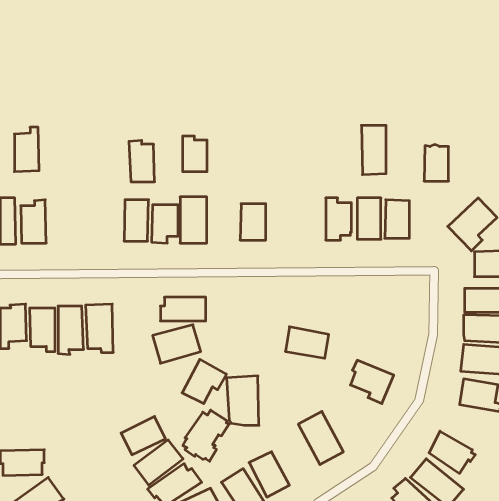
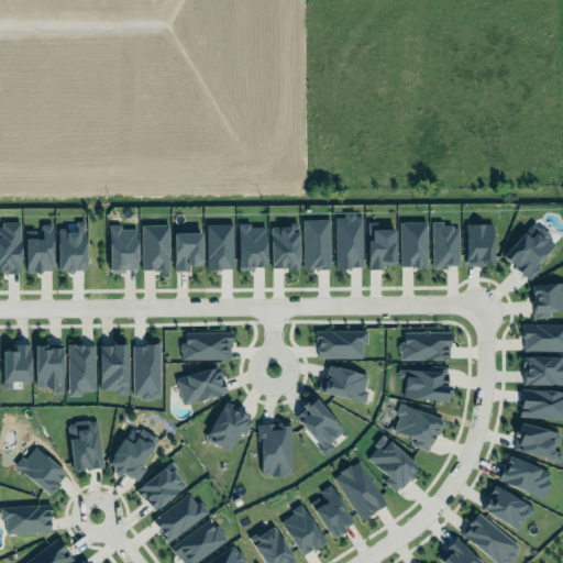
building: [361,125,386,175] -> [338,216,365,271]
building: [14,127,39,172] -> [60,224,88,274]
building: [183,136,207,172] -> [240,225,267,265]
building: [129,140,155,182] -> [110,224,139,271]
building: [424,145,449,181] -> [467,223,495,264]
building: none -> [305,220,331,272]
building: none -> [317,330,369,358]
building: none -> [404,334,453,361]
building: none -> [133,342,163,404]
building: none -> [401,371,451,401]
building: none -> [297,398,346,450]
building: none -> [68,420,104,470]
building: none -> [366,431,424,497]
building: none -> [16,449,68,493]
building: none -> [497,451,551,500]
building: [183,410,229,461] -> [110,424,162,482]
building: none -> [313,486,356,539]

